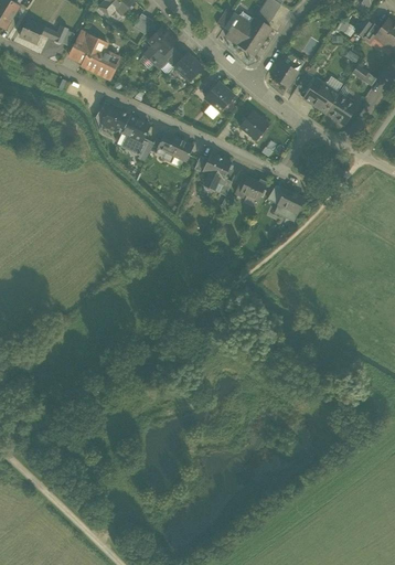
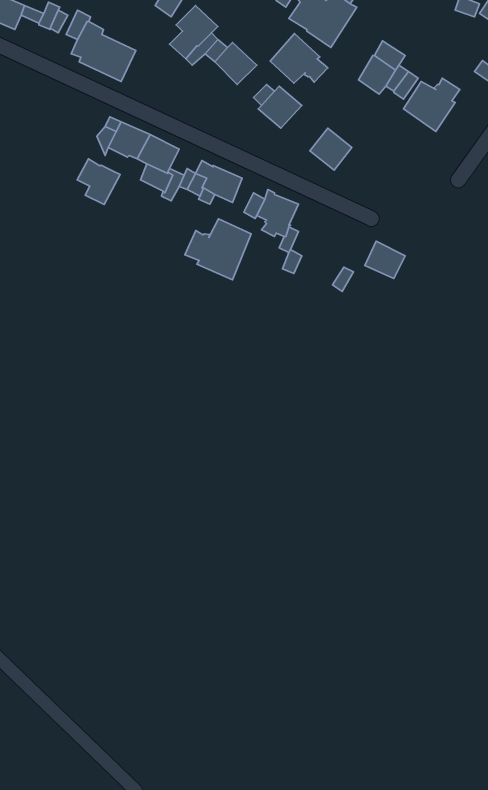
building: none -> [270,33,328,83]
building: [325,94,356,125] -> none
building: none -> [77,159,120,205]
building: none -> [185,219,251,280]
building: [235,177,266,201] -> none

